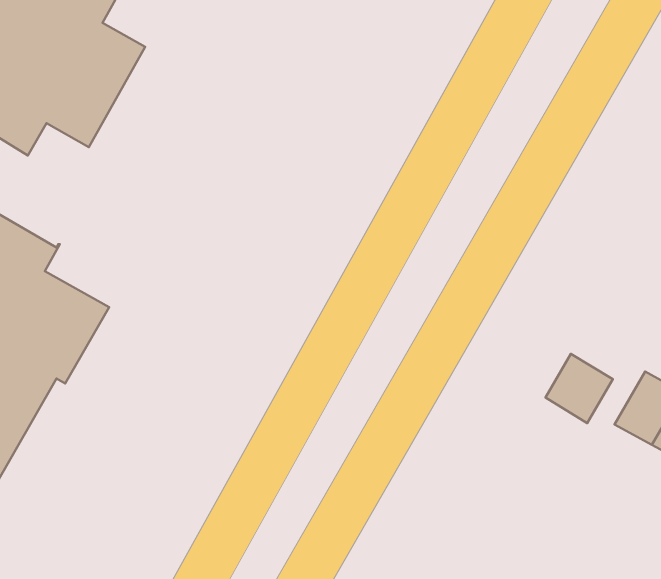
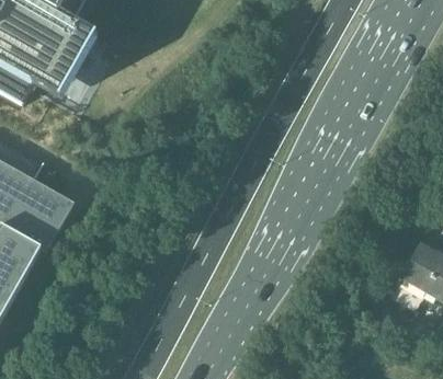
building: [545,354,613,423] -> none

